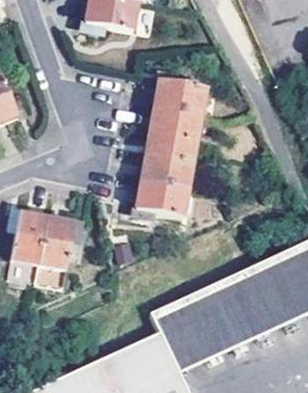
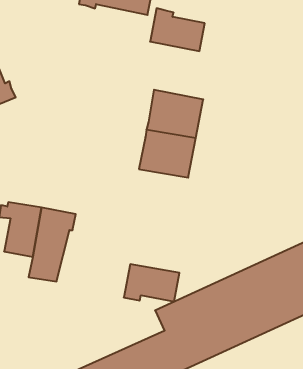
building: [152,72,204,113] -> [150,8,205,51]
building: [132,179,185,214] -> [124,264,179,302]

